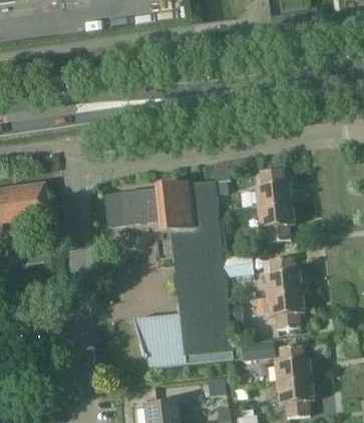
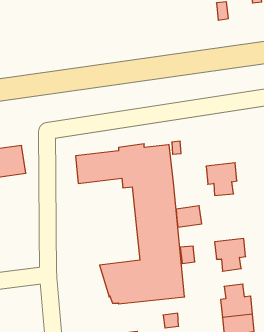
building: [256,168,293,206] -> none
building: [265,255,303,294] -> none
building: [242,338,275,360] -> none

